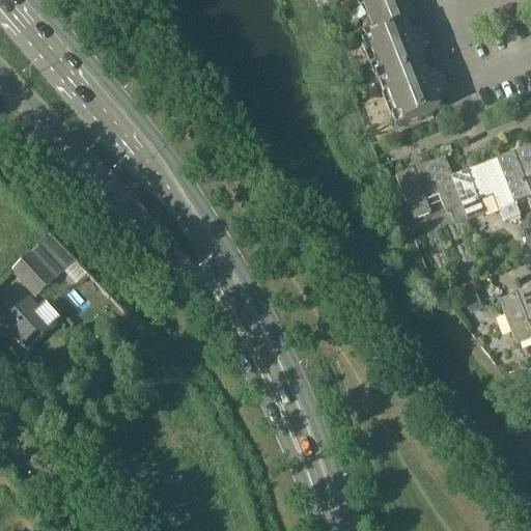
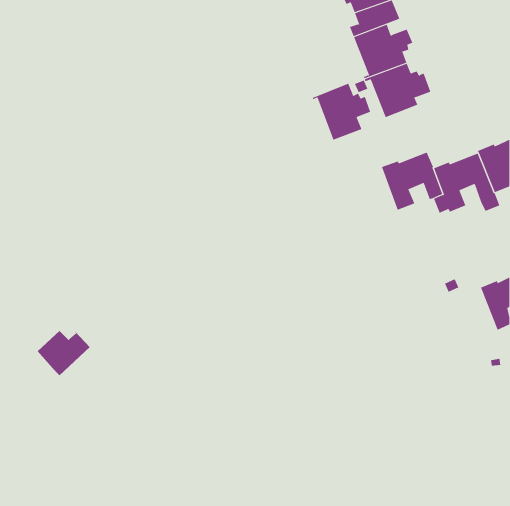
building: none -> [312,83,371,140]
building: [11,241,66,296] -> none
building: [5,301,61,348] -> [37,330,91,376]

